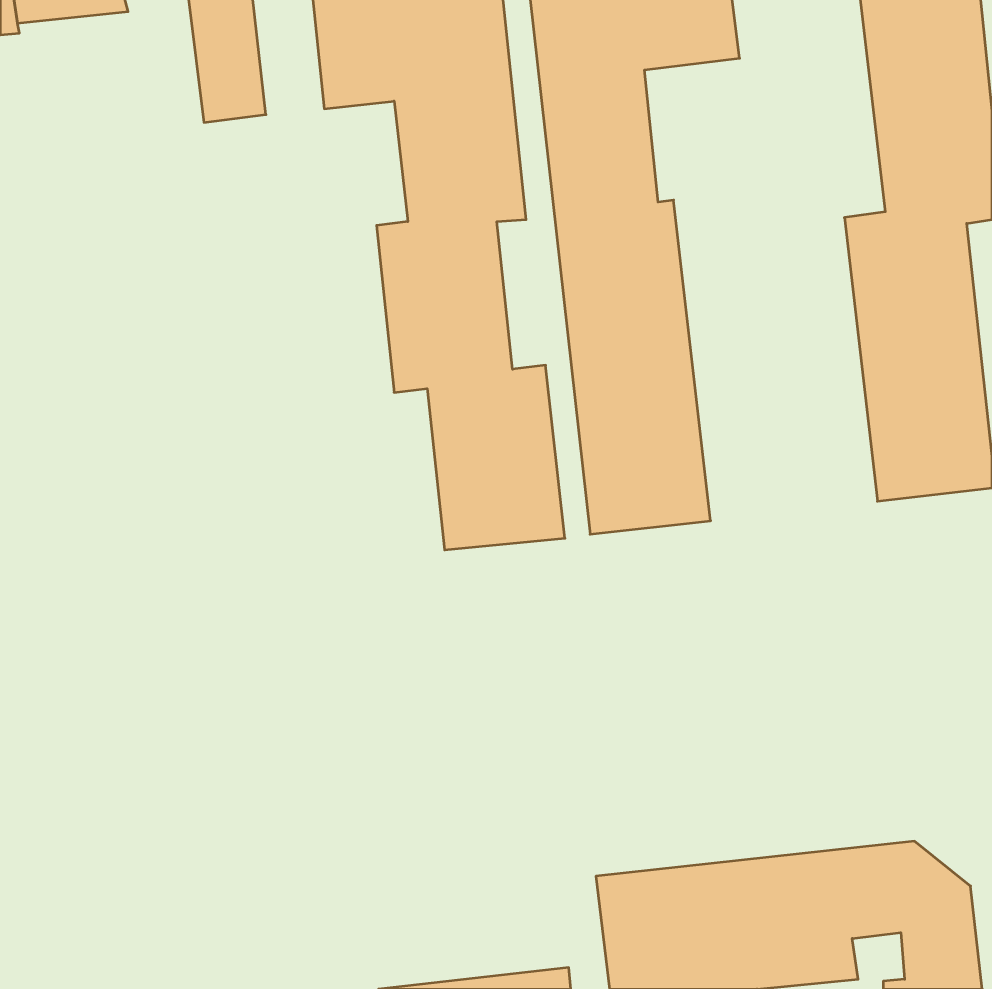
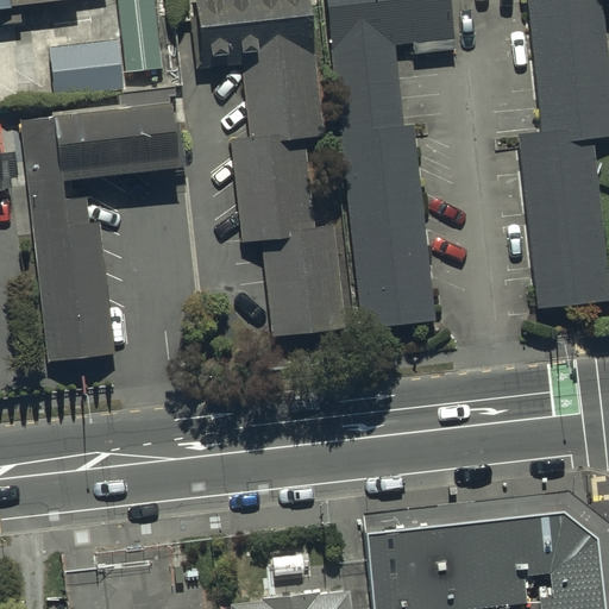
building: none -> [49,43,125,102]
building: none -> [20,101,177,360]

